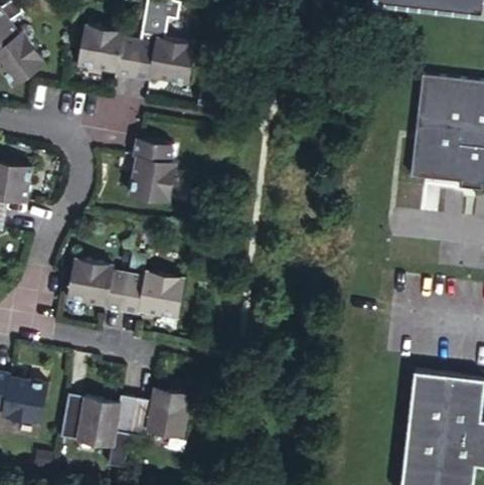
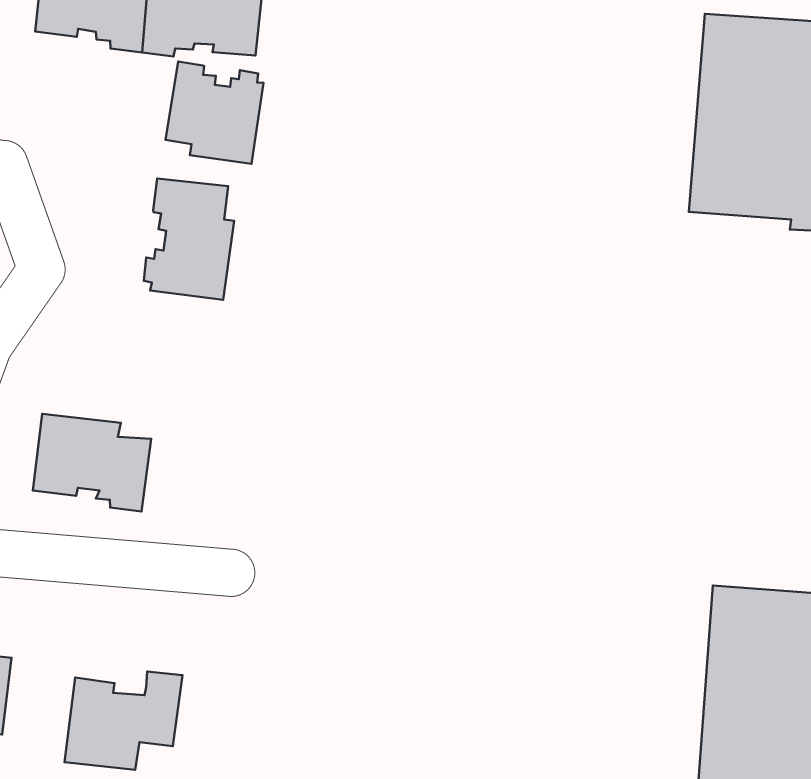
building: none -> [165,62,264,164]
building: [121,272,184,317] -> none
building: [130,387,189,437] -> none

